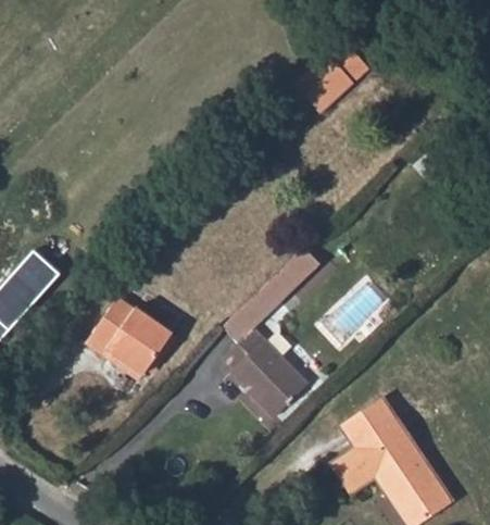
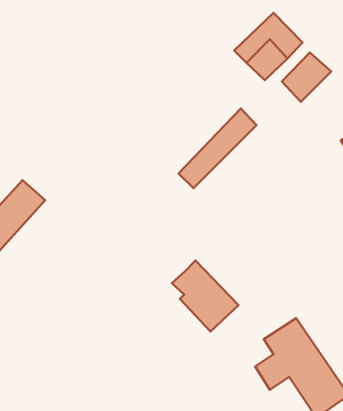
building: none -> [282,52,331,102]
building: [225,246,322,345] -> [179,109,257,188]
building: [86,302,168,376] -> none

